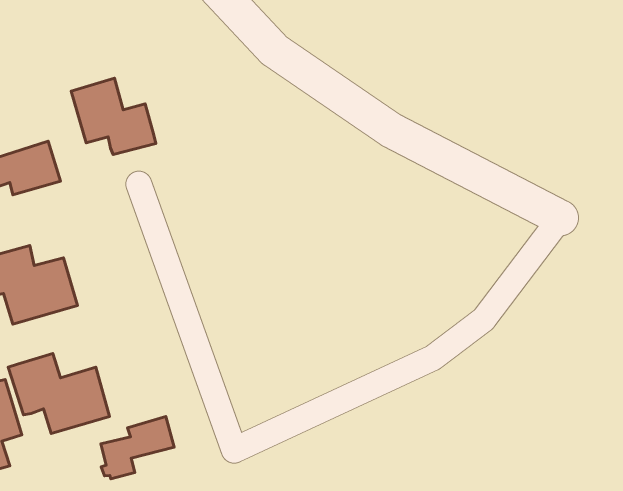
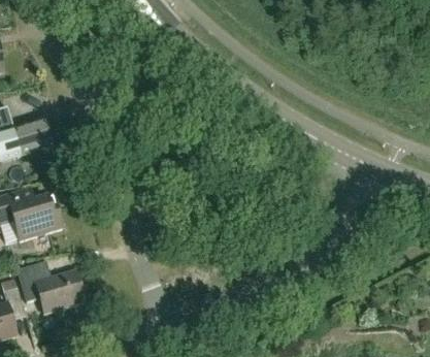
building: [71,78,156,155] -> none
building: [101,417,174,479] -> none

